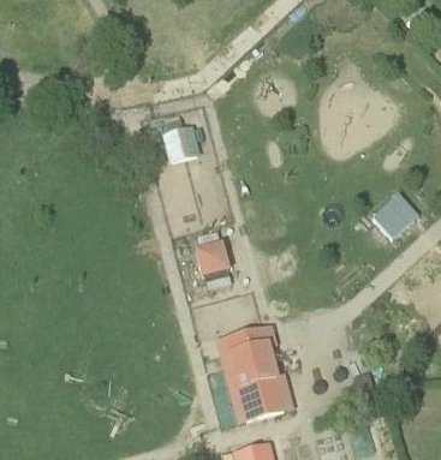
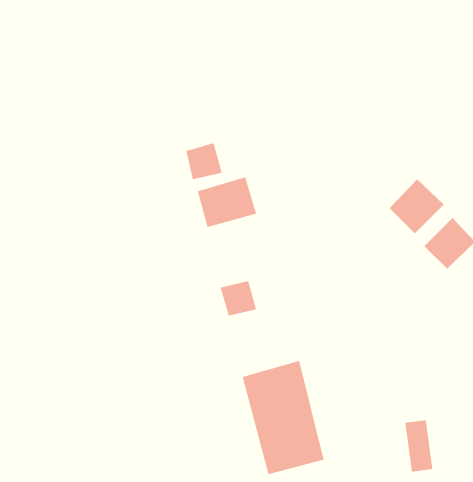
building: none -> [197,177,257,228]
building: none -> [389,178,445,234]

